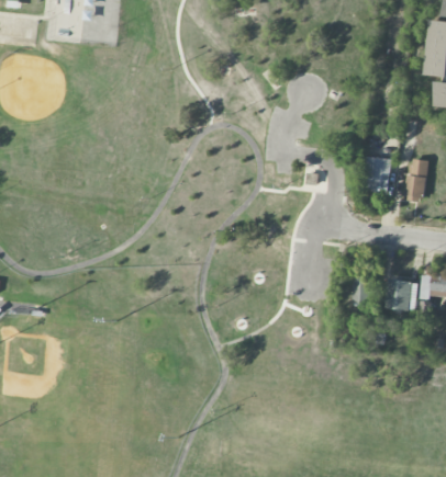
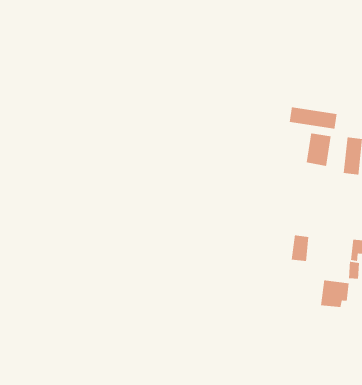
building: none -> [289,106,337,129]
building: [384,280,416,310] -> [320,280,349,308]

